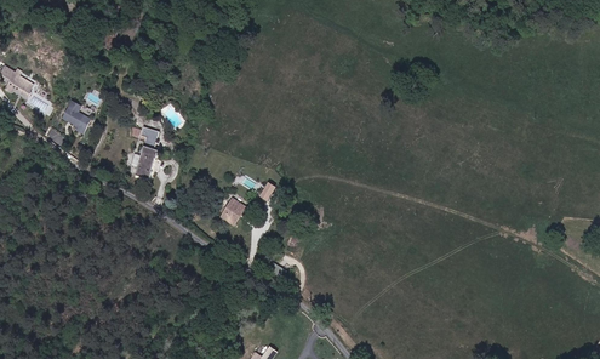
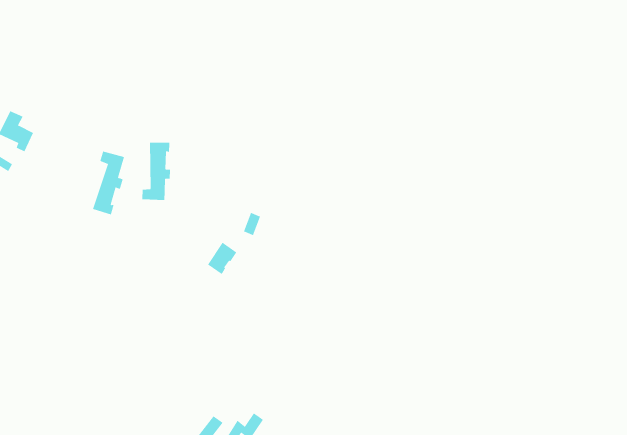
building: none -> [142,142,171,201]

